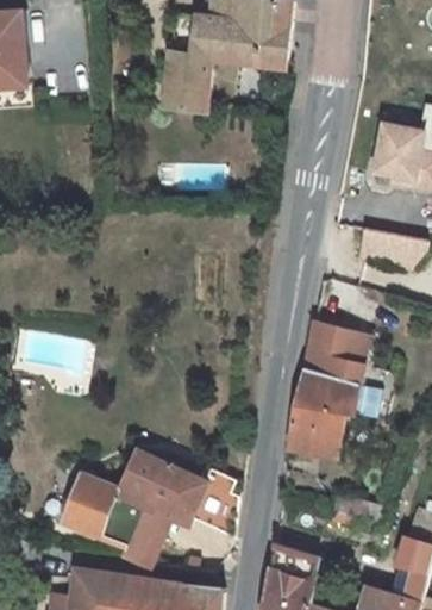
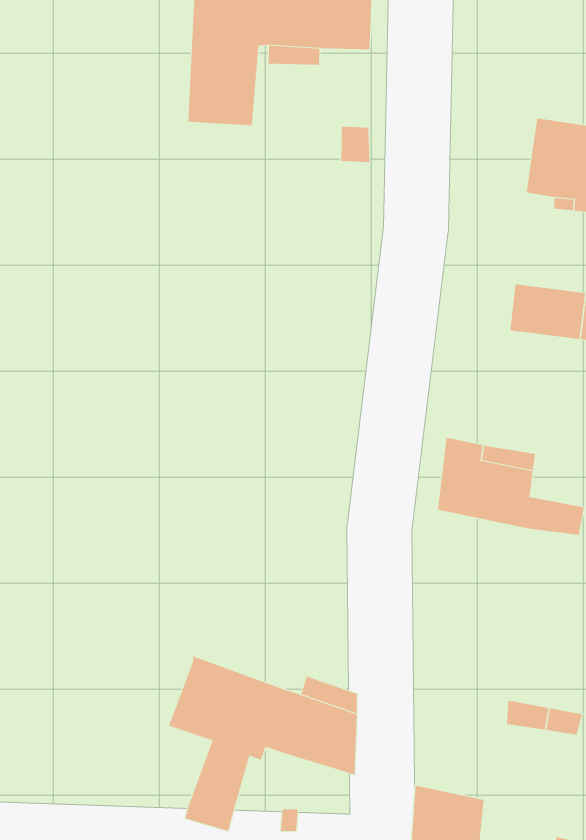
building: [288,369,359,456] -> none
building: [63,474,145,548] -> none

